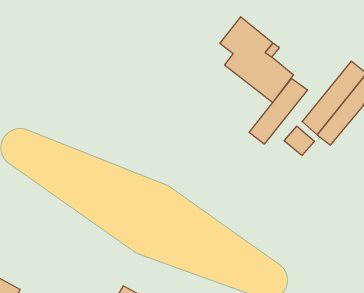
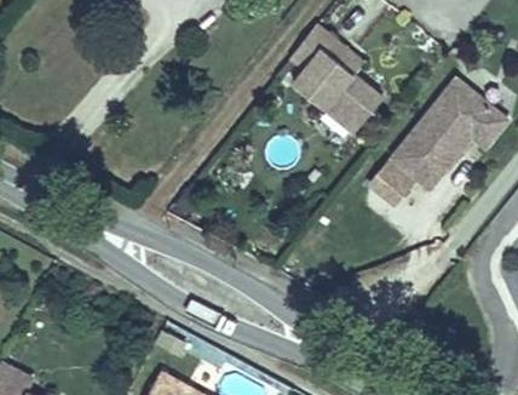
building: [249,79,307,144] -> none

